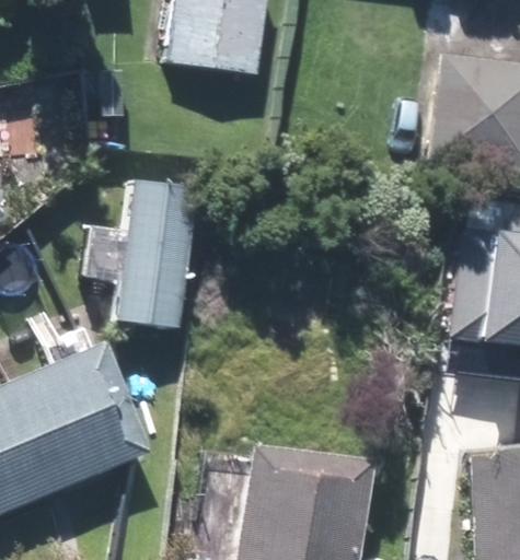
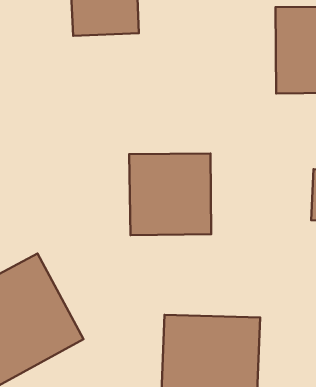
building: [84,177,195,316] -> none
building: none -> [129,153,211,235]

